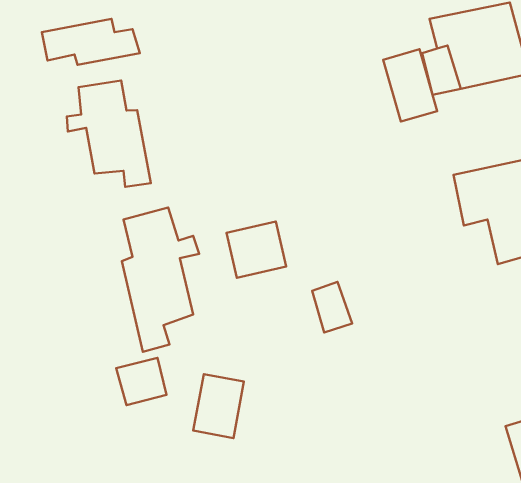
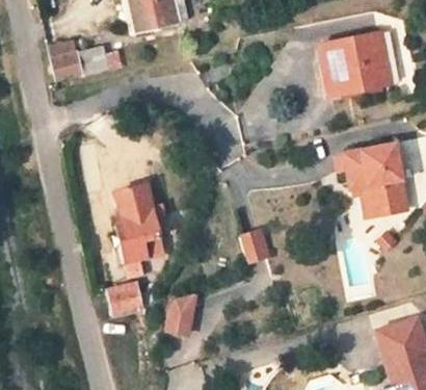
building: [383,49,437,122] -> none
building: [67,80,151,187] -> none
building: [227,221,286,278] -> none

